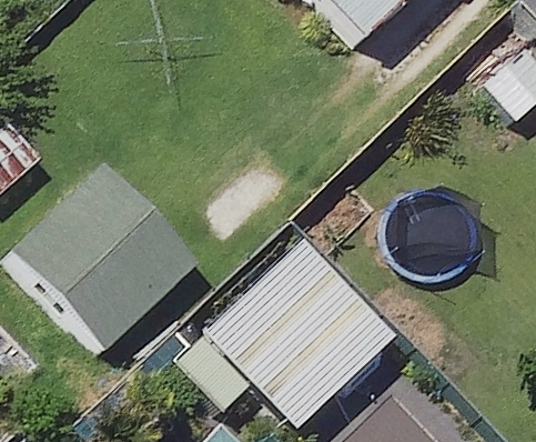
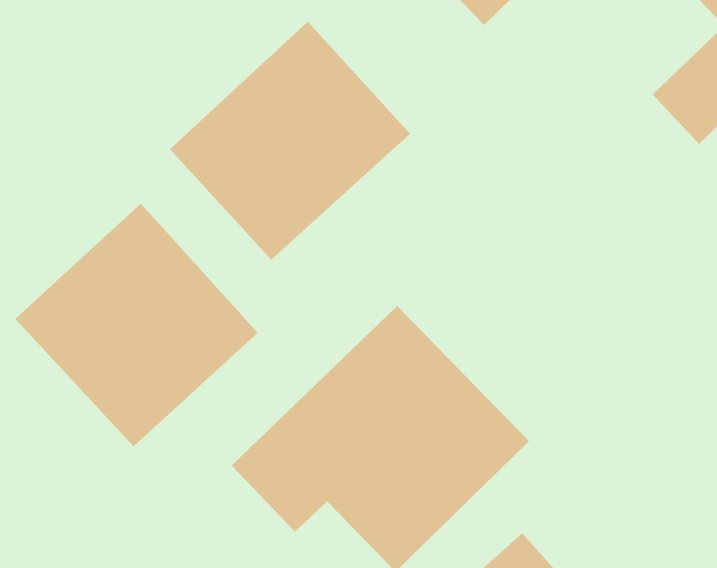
building: none -> [169,21,411,260]

